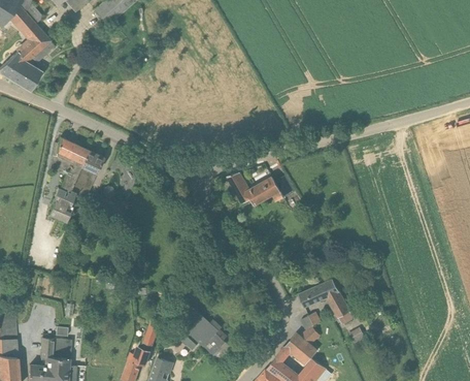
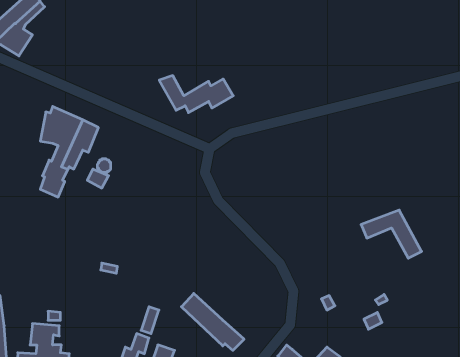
building: [227,171,295,205] -> [159,76,233,113]
building: [299,280,355,324] -> [361,210,422,258]
building: [282,332,317,363] -> none

